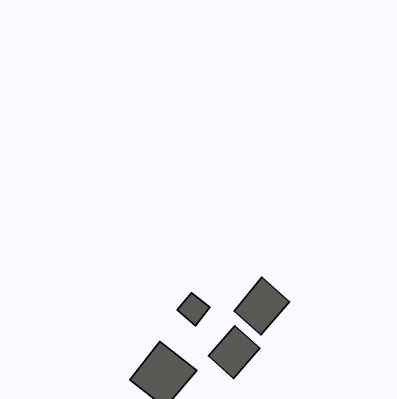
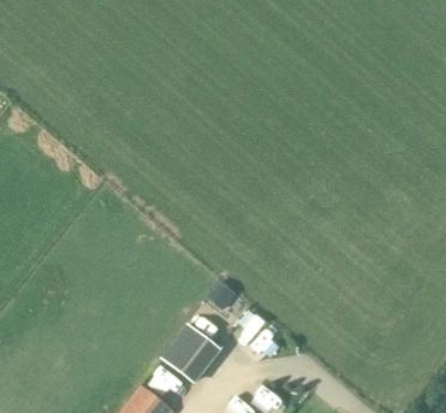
building: [234,277,290,335] -> none

